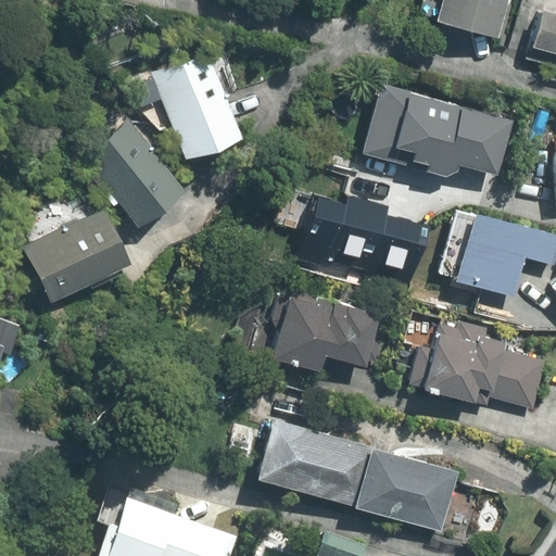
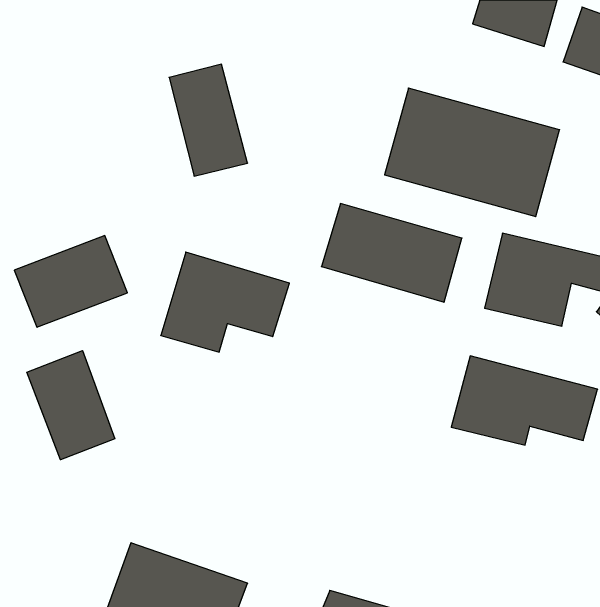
building: [79,113,190,228] -> none
building: [264,286,381,377] -> [161,252,289,352]
building: none -> [27,351,115,460]
building: [250,415,462,528] -> none

